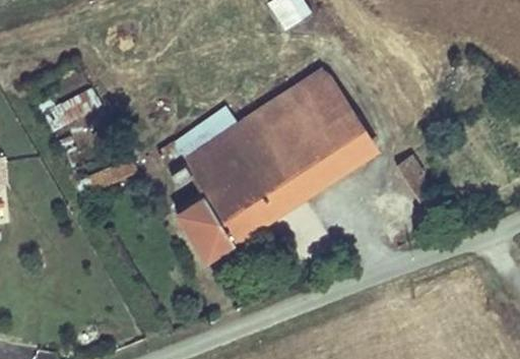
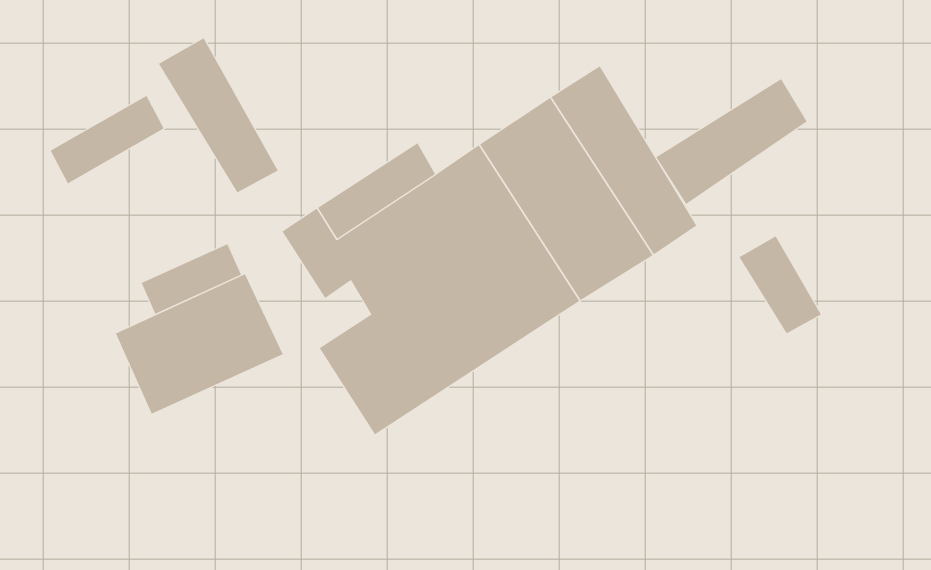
building: none -> [158,37,279,193]
building: none -> [655,78,808,205]
building: none -> [115,273,284,415]

